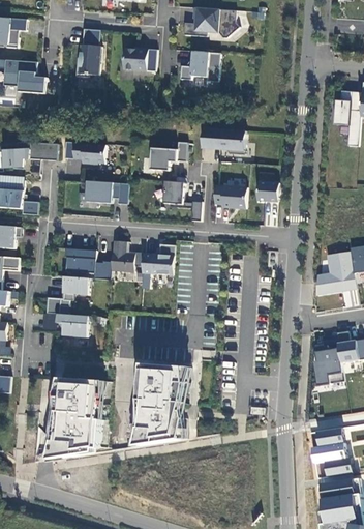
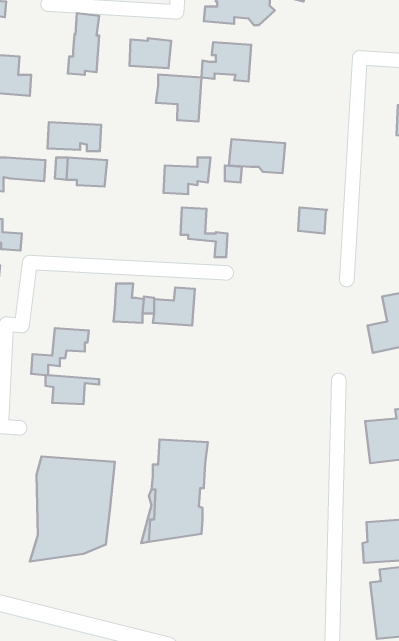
building: none -> [156,75,201,122]
building: [86,181,128,204] -> [47,122,101,151]
building: [214,185,246,208] -> none
building: [65,248,112,280] -> none

